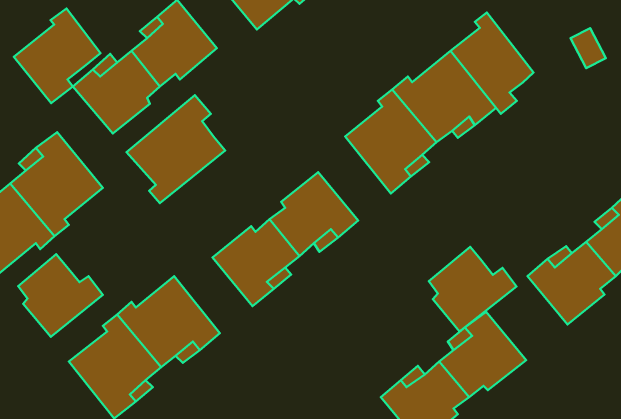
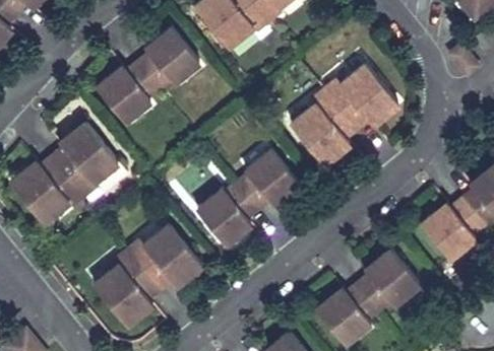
building: [14,8,101,103] -> none
building: [450,12,533,114] -> none
building: [127,95,225,203] -> none
building: [429,247,517,332] -> none
building: [18,254,103,337] -> none

